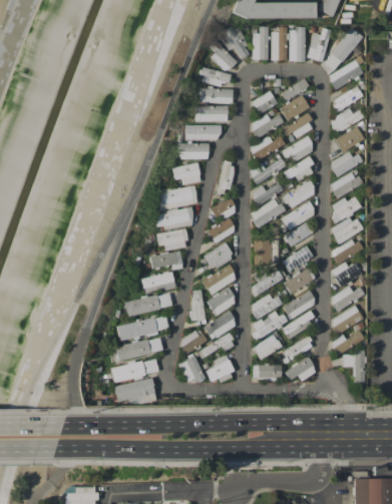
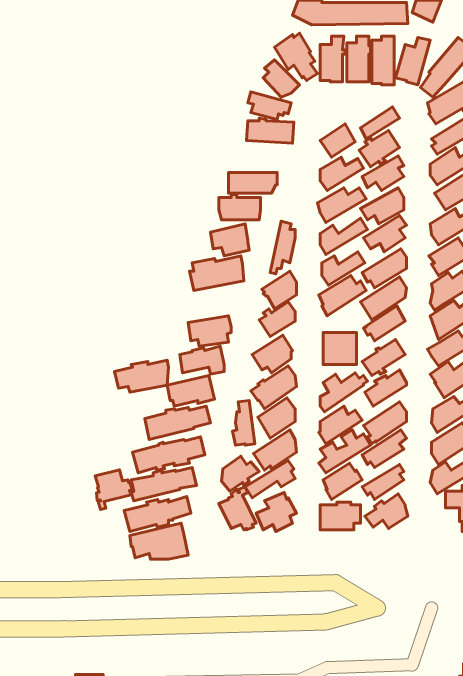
building: [195,106,229,122] -> none
building: [154,207,193,230] -> [114,360,169,392]
building: none -> [95,470,132,509]

